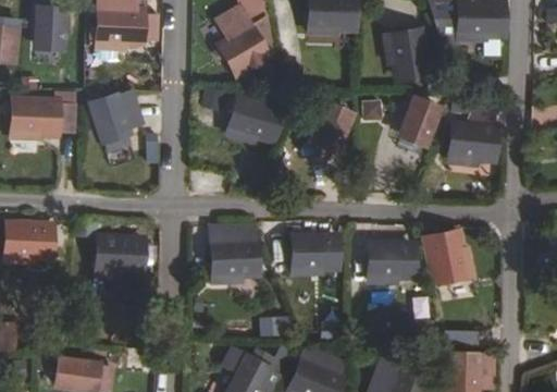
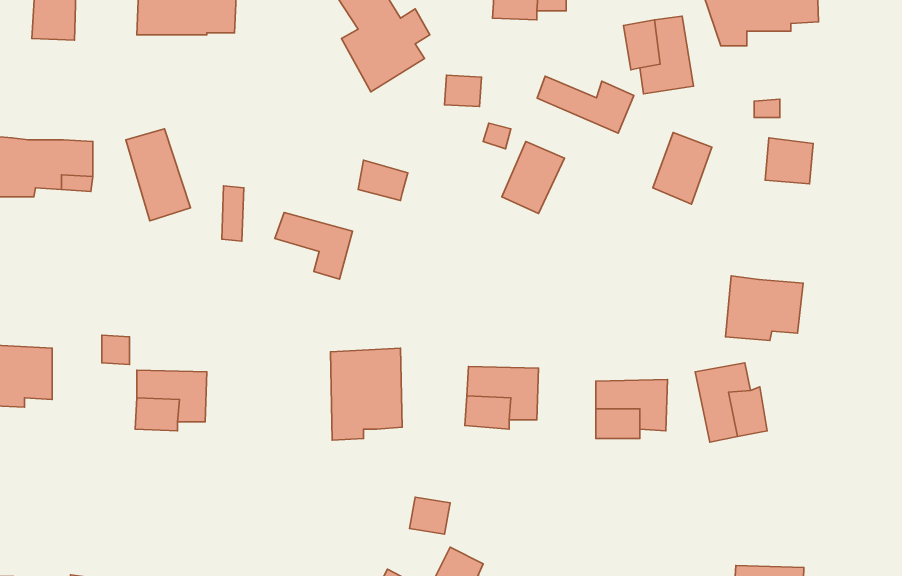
building: none -> [537,76,634,133]
building: [232,100,277,139] -> [275,213,352,279]
building: [449,125,495,163] -> [726,276,803,340]

